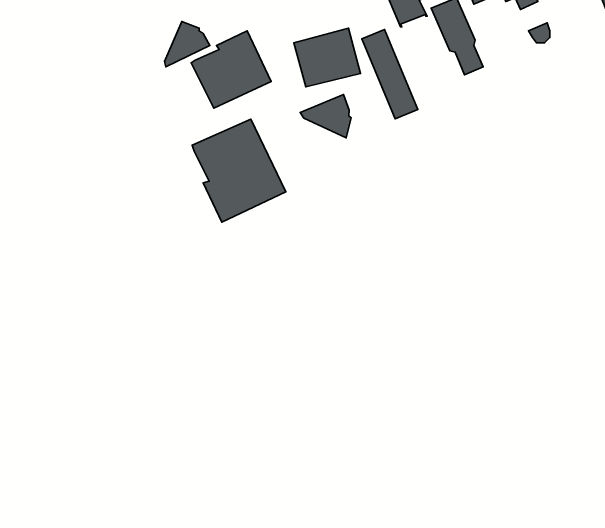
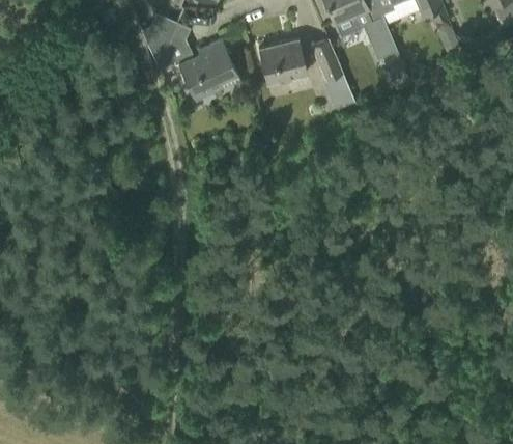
building: none -> [141,21,170,62]
building: [300,95,351,138] -> none
building: [192,119,286,222] -> none

